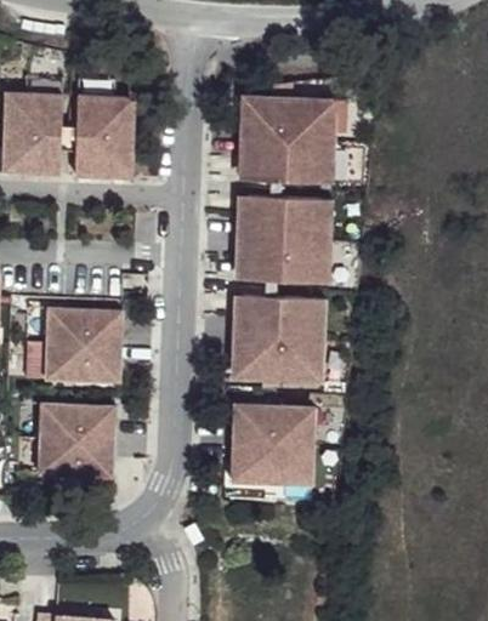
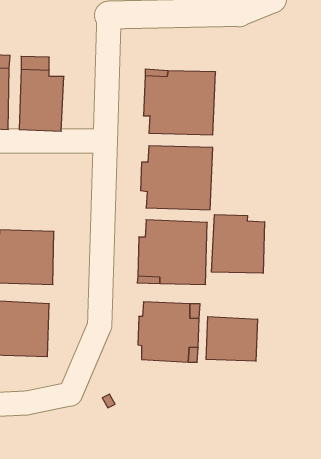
building: none -> [212,215,265,273]
building: none -> [206,317,258,361]

